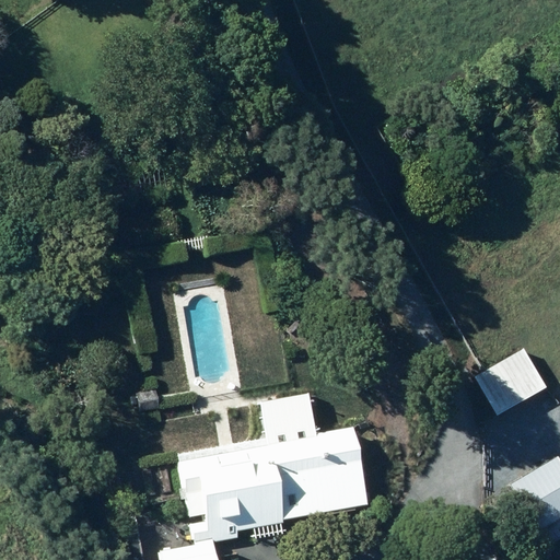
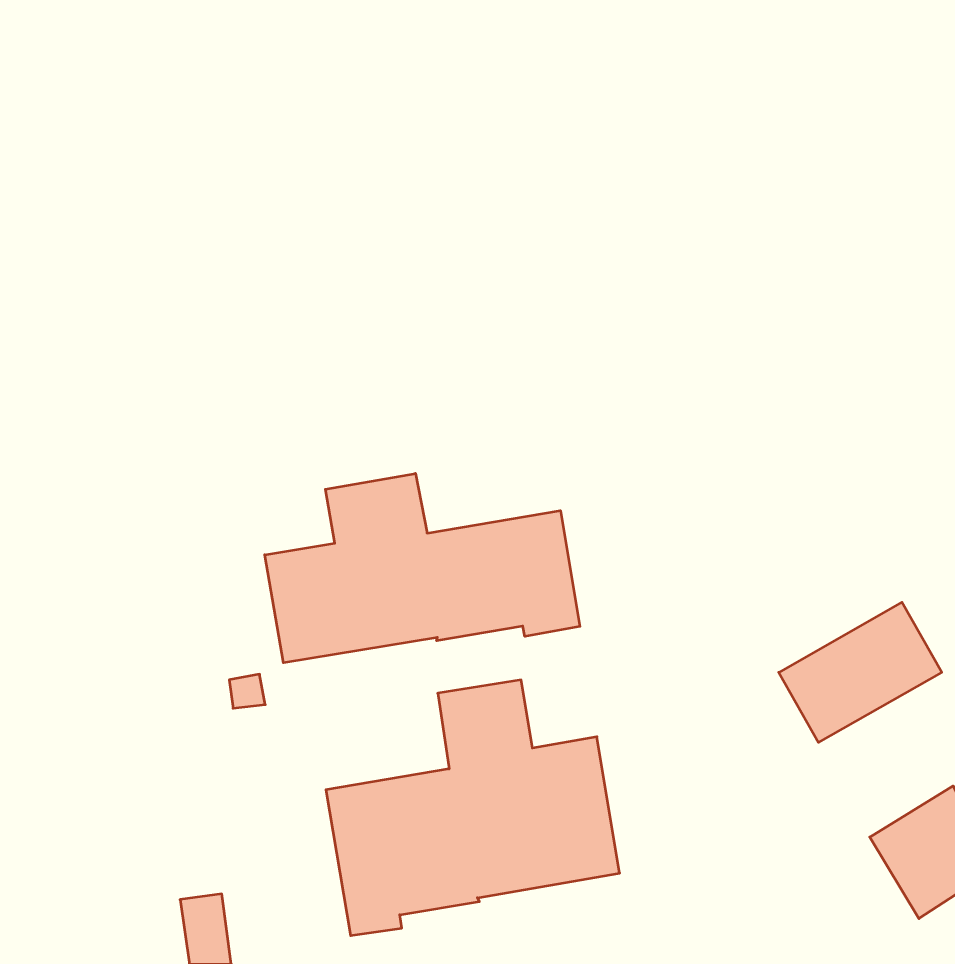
building: none -> [265,473,580,663]

